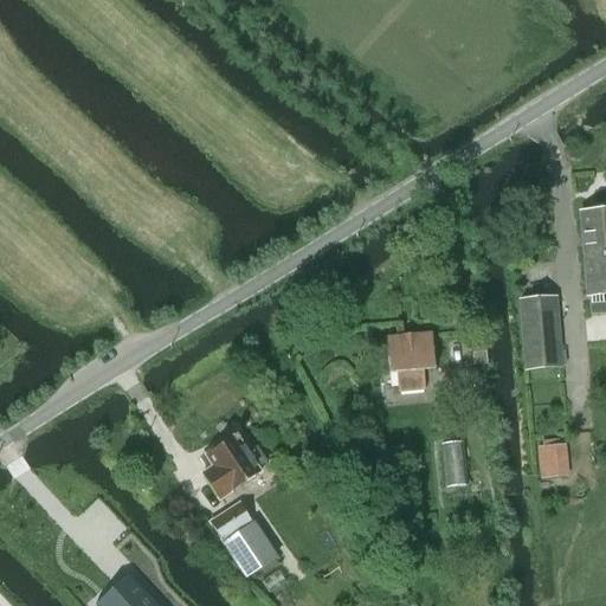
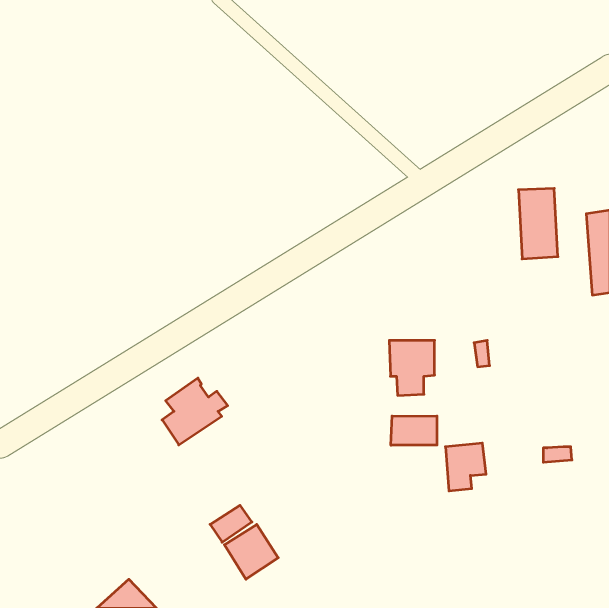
building: [522,296,561,366] -> [518,188,558,259]
building: none -> [391,416,437,445]
building: [202,431,267,497] -> [162,378,228,445]

